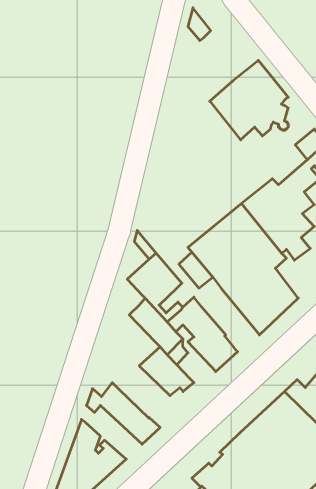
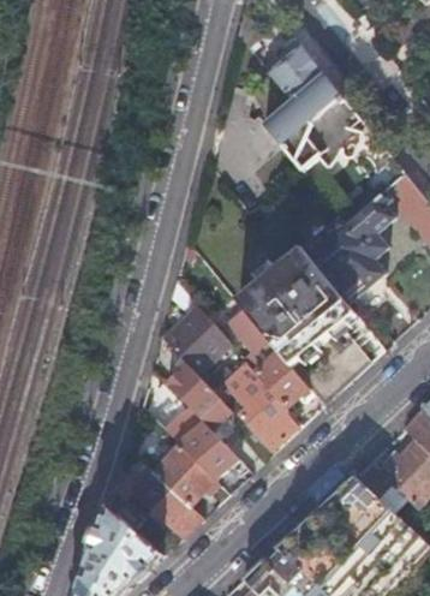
building: none -> [263,40,321,99]
building: none -> [252,350,305,406]
building: none -> [153,442,219,506]

